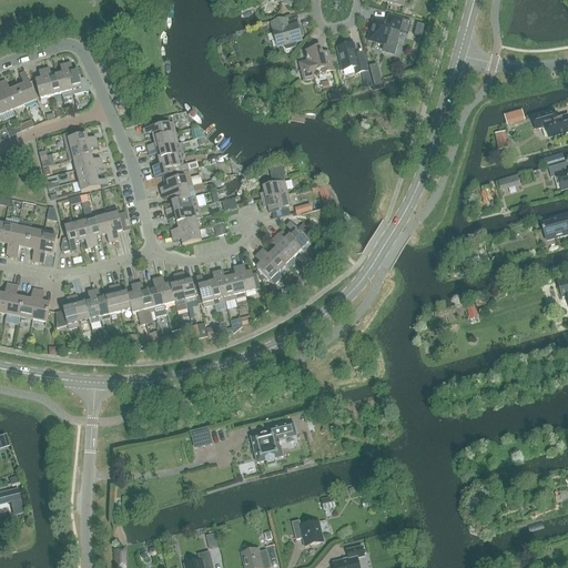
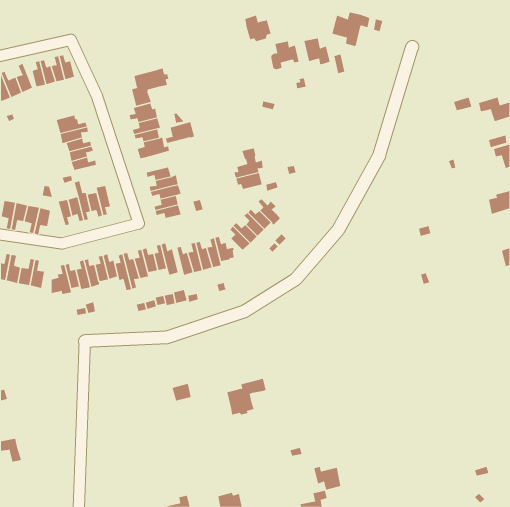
building: none -> [131,68,169,107]
building: [160,168,193,192] -> [165,122,195,143]
building: [292,518,323,545] -> [313,466,341,490]

